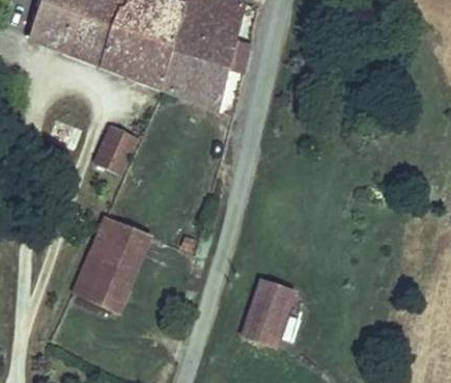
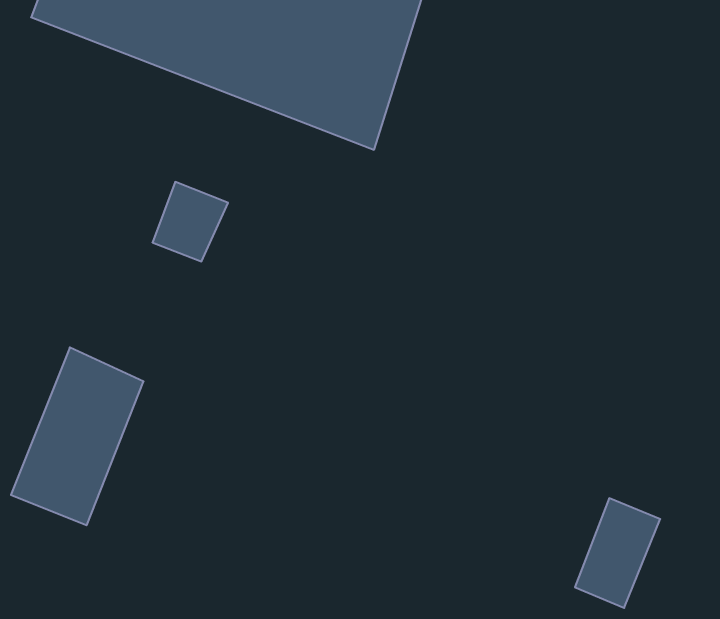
building: [77,216,149,313] -> [11,347,144,525]
building: [248,282,294,343] -> [575,498,660,608]

